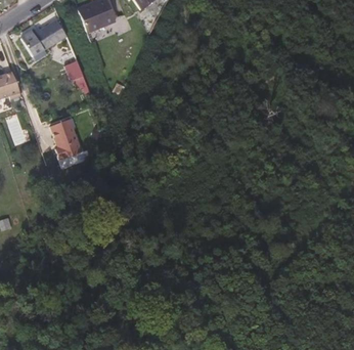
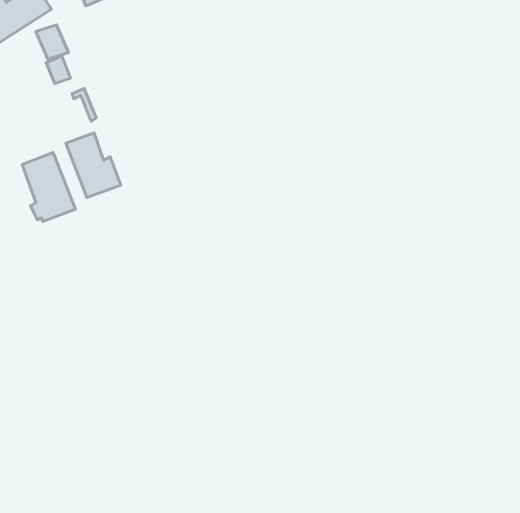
building: none -> [66,133,121,198]

